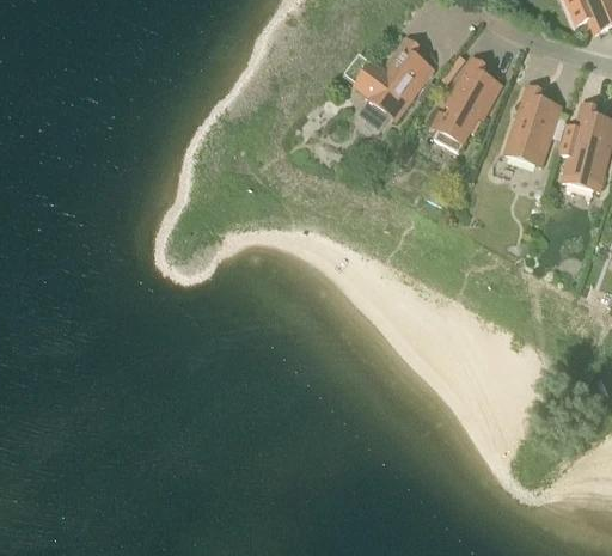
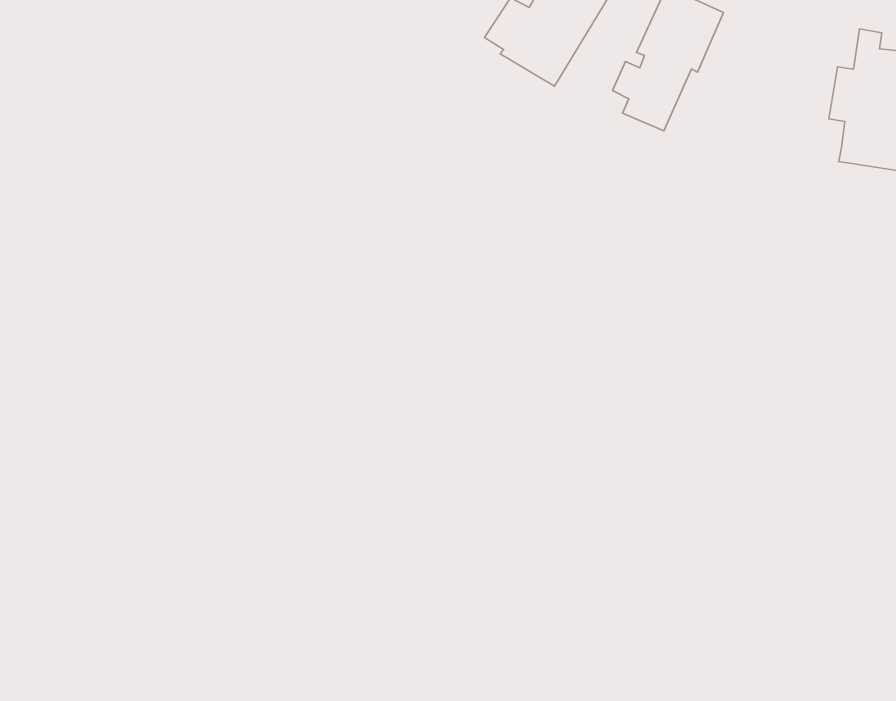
building: [506,84,562,166] -> none

